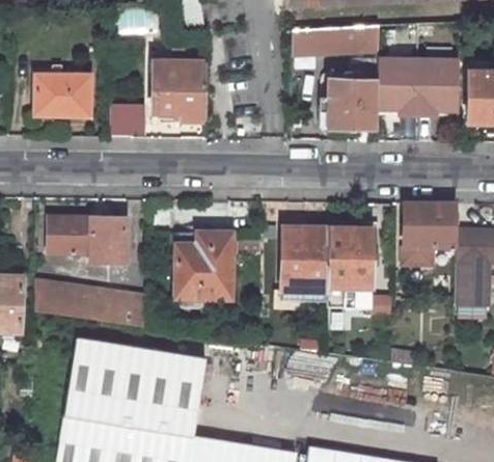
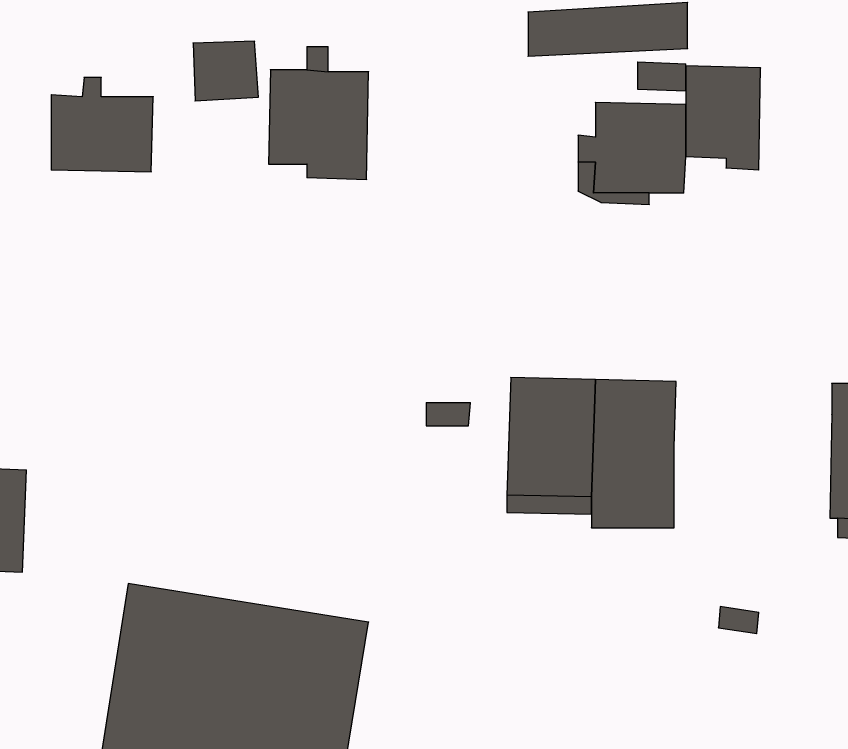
building: [417,59,460,114] -> none
building: [114,103,149,135] -> [193,41,258,101]
building: [404,202,458,264] -> none
building: [49,216,127,261] -> none
building: [175,225,232,298] -> none
building: [34,279,146,326] -> none

